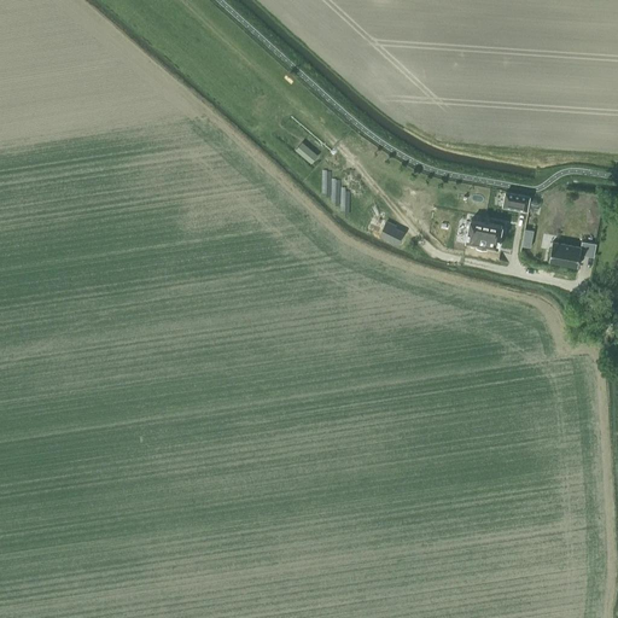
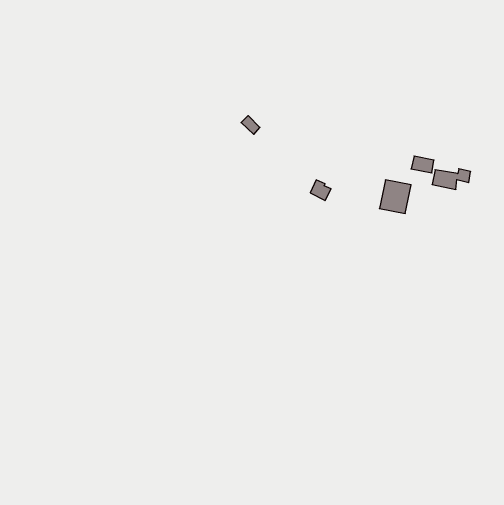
building: [550,240,597,266] -> [432,169,471,189]

